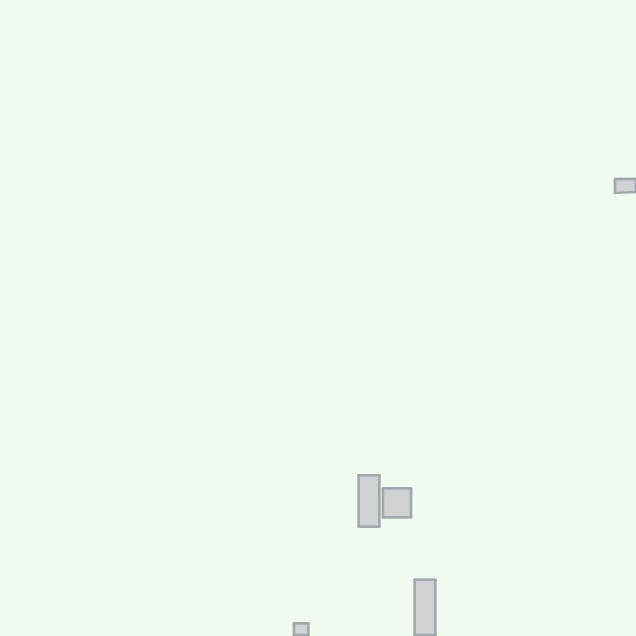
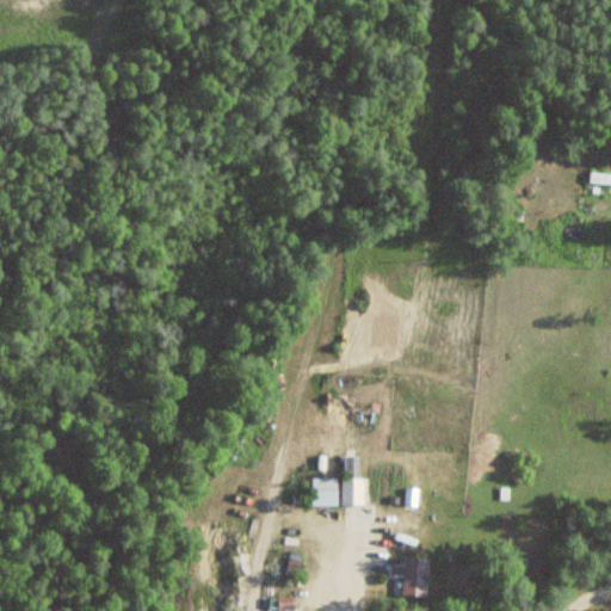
building: [383,489,411,517] -> [311,477,339,505]

